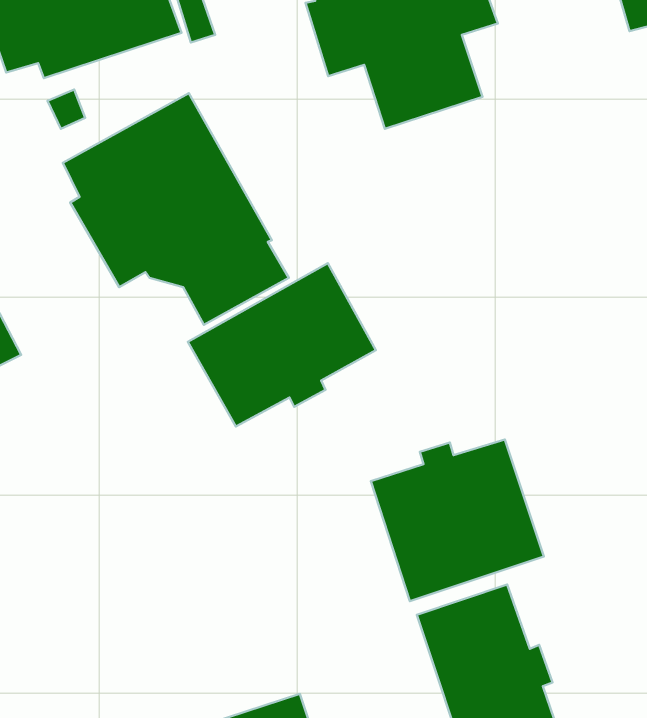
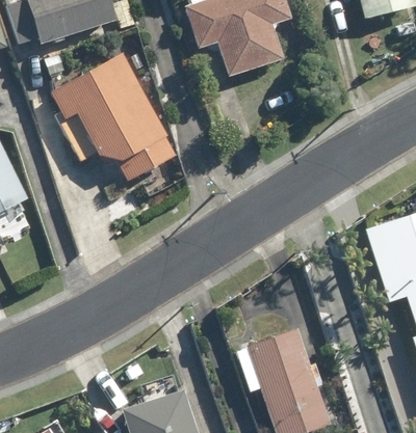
building: [188,263,376,427] -> none
building: [371,440,544,601] -> none

